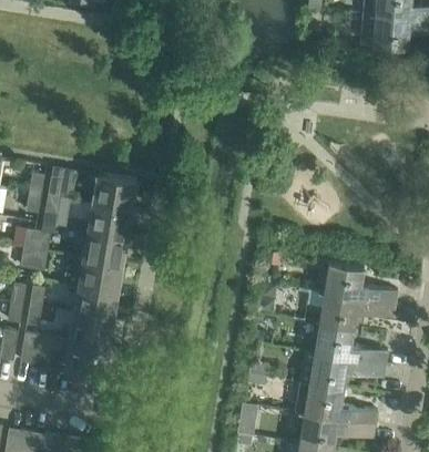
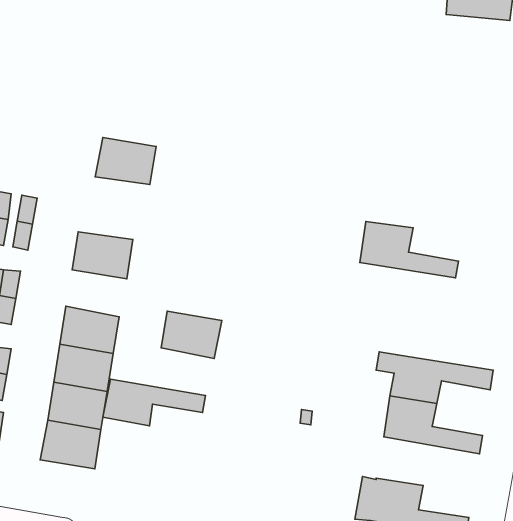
building: [92,174,136,208] -> [95,137,156,185]
building: [83,230,127,265] -> [161,311,222,358]
building: [325,263,397,304] -> [360,222,459,278]
building: none -> [103,379,205,426]
building: [309,352,385,388] -> none

